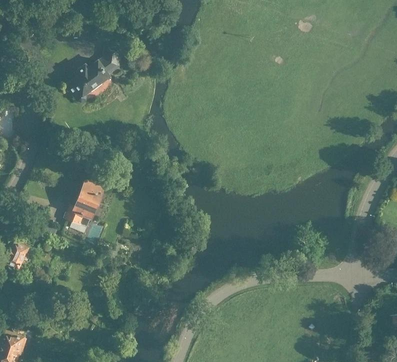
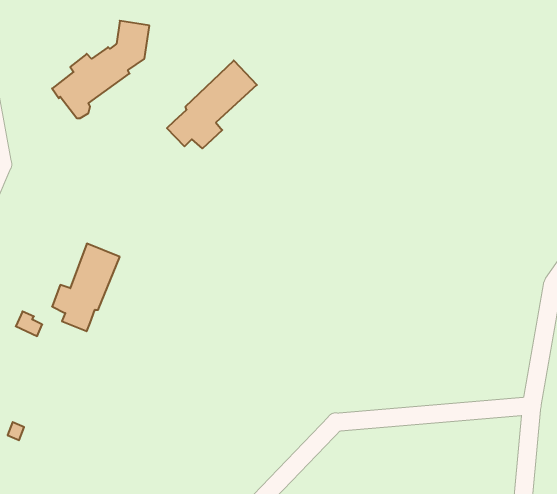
building: none -> [167,60,257,148]

